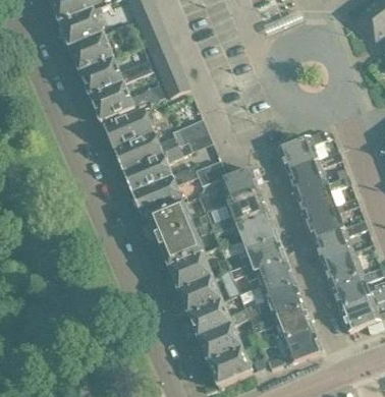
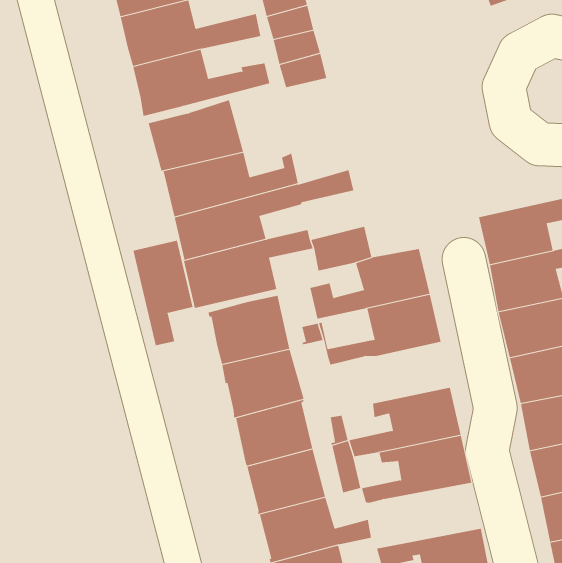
building: none -> [133,240,193,346]
building: [221,213,278,256] -> none
building: [245,282,305,323] -> none

